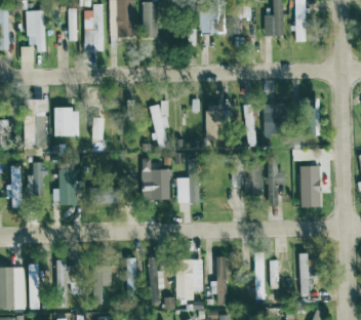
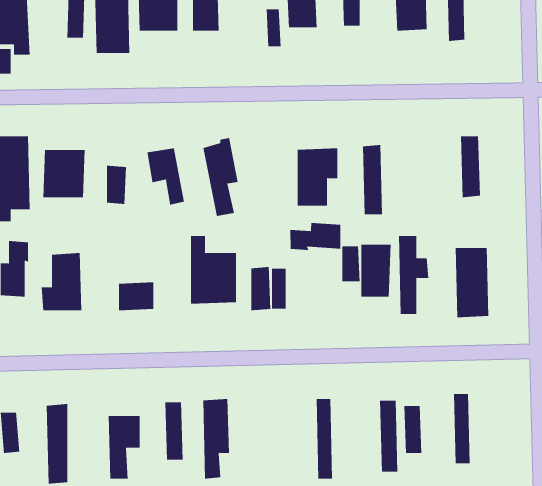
building: [263,104,285,135] -> none
building: none -> [147,147,185,205]
building: none -> [290,222,341,251]
building: [175,259,203,301] -> none

